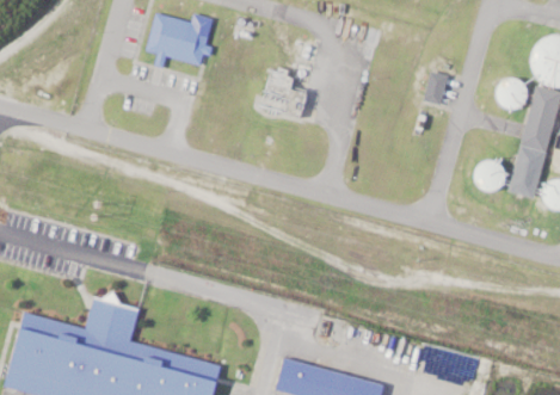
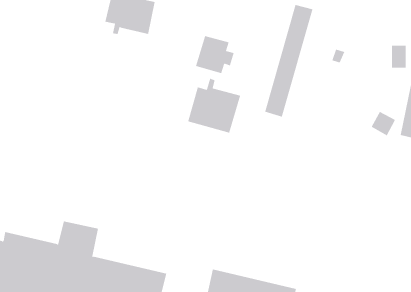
building: none -> [264,4,313,118]
building: none -> [188,78,241,134]

